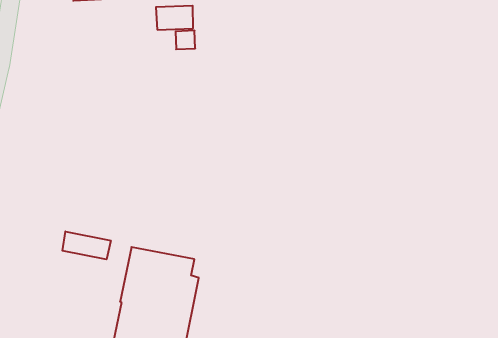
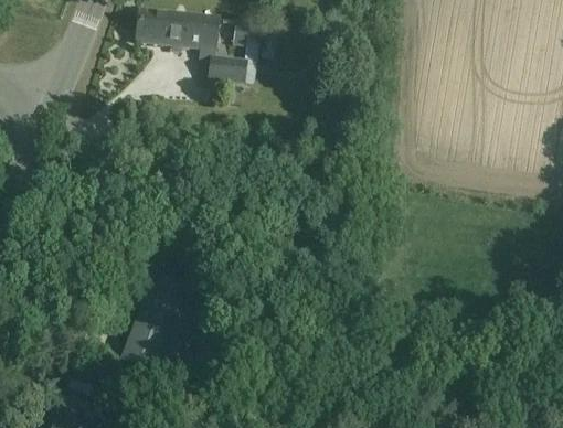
building: [62,231,111,259] -> none

